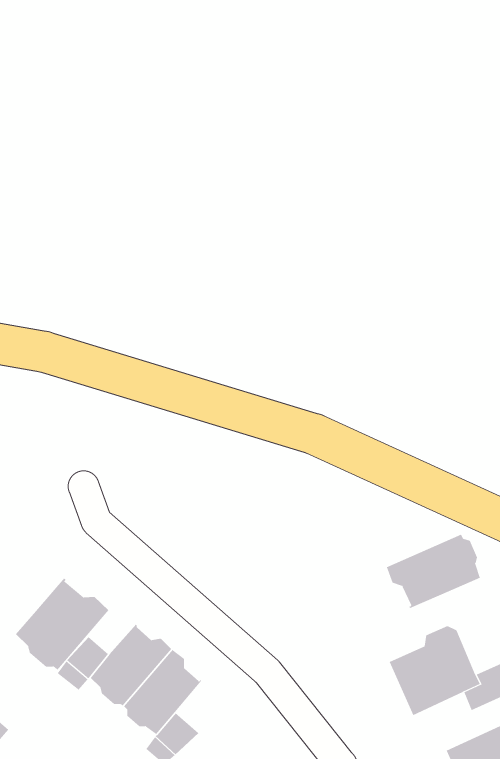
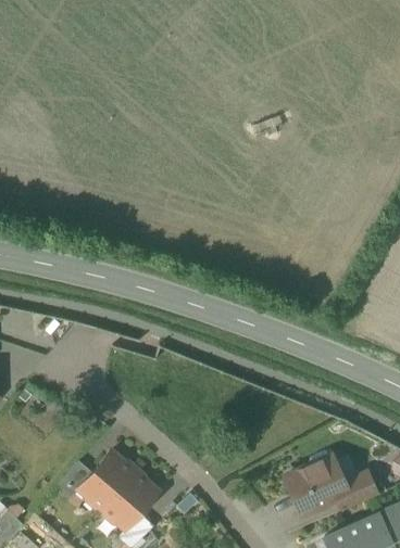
building: [386,534,480,609] -> none
building: [15,578,109,670] -> none

